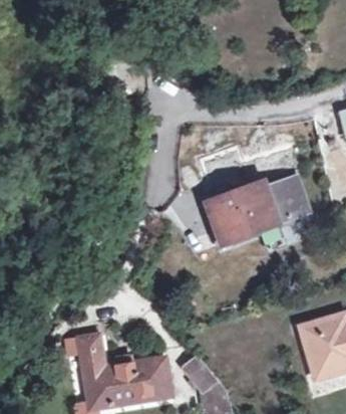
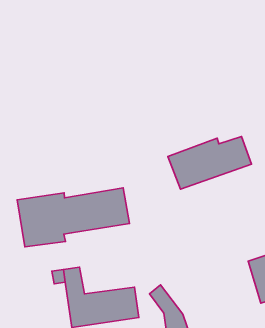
building: none -> [17,188,129,247]

